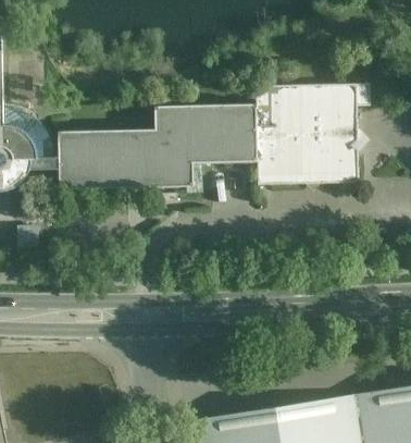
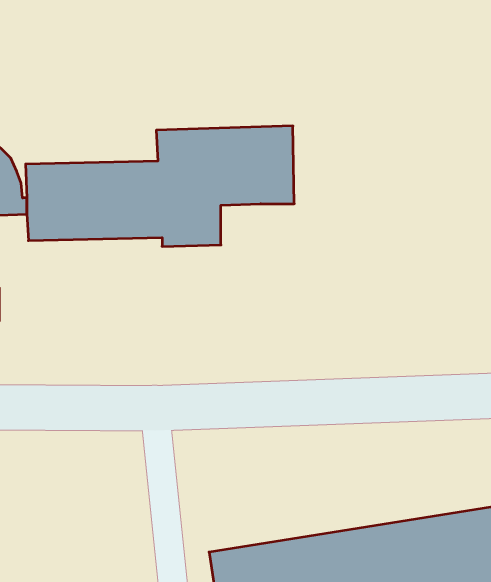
building: [254,84,369,185] -> none

